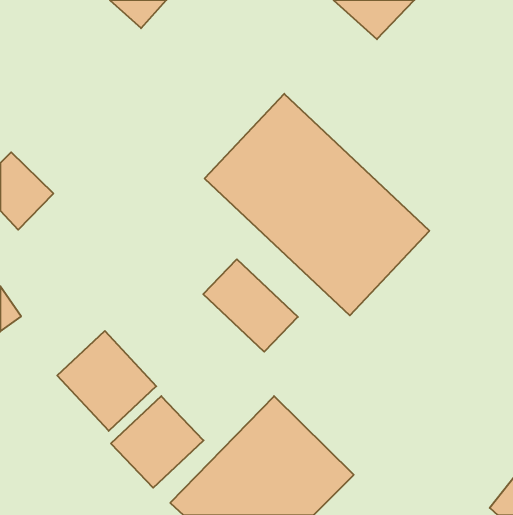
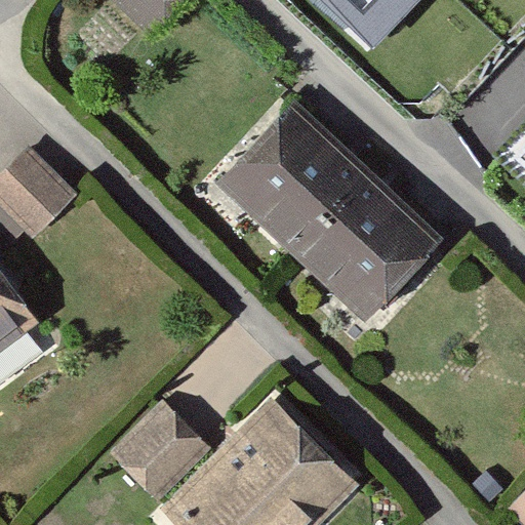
building: [203,259,298,352] -> none
building: [57,331,156,431] -> none

